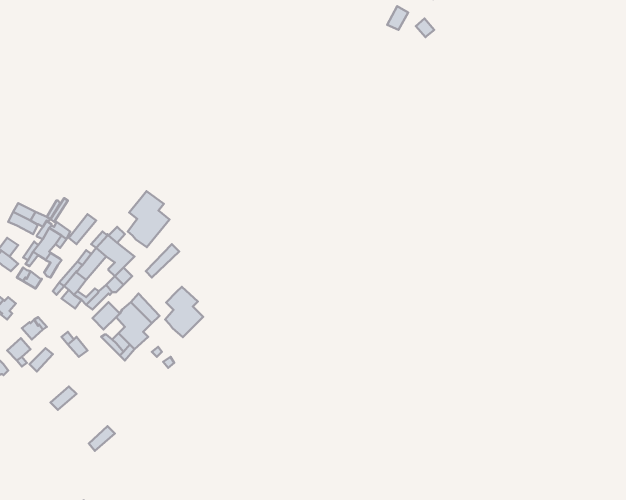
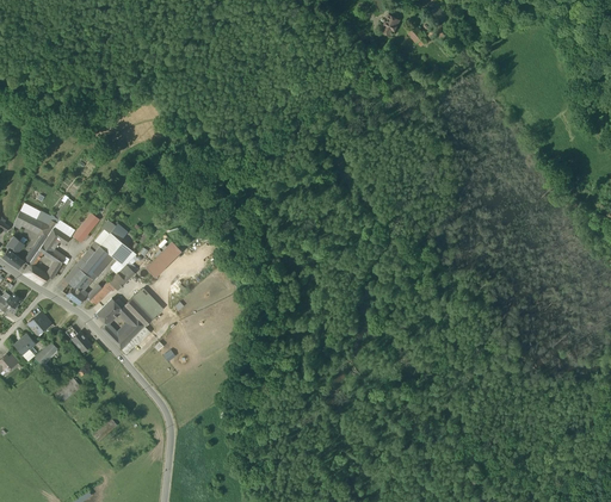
building: [128,191,169,247] -> none
building: [165,287,203,337] -> none

